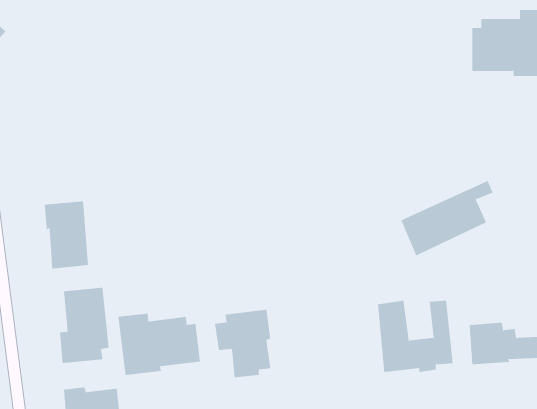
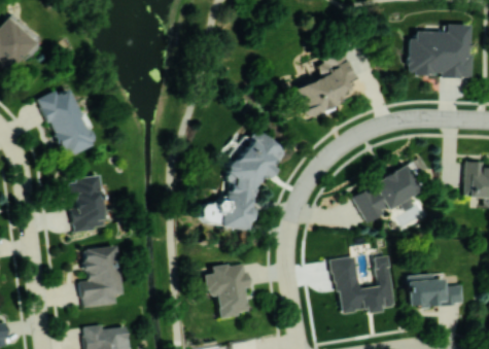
building: none -> [292,51,354,119]
building: none -> [39,90,94,159]
building: none -> [202,132,285,231]
building: [118,313,201,376] -> none

